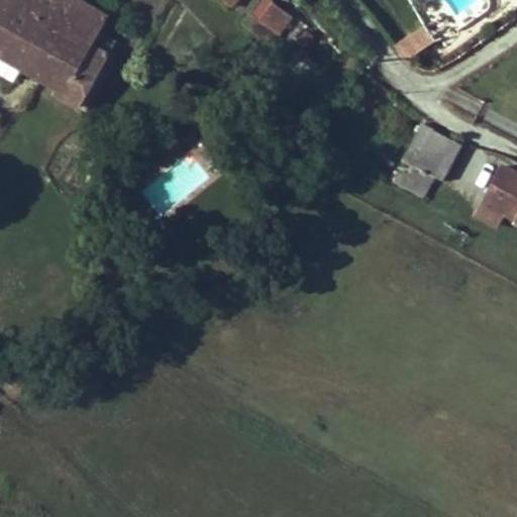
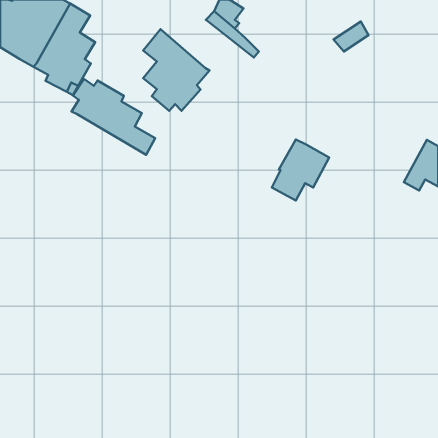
building: none -> [143,29,210,111]
building: none -> [71,79,155,155]
building: [394,123,461,195] -> [272,139,329,200]

